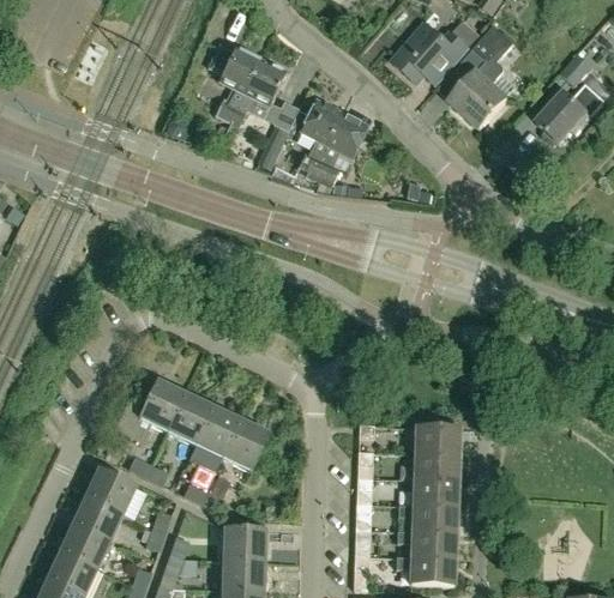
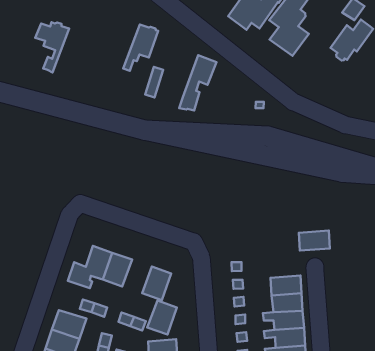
building: [209,47,260,121] -> [35,22,69,72]
building: [300,99,342,173] -> none
building: [194,405,241,457] -> [147,301,177,334]
building: [415,427,460,454] -> [299,231,330,251]

